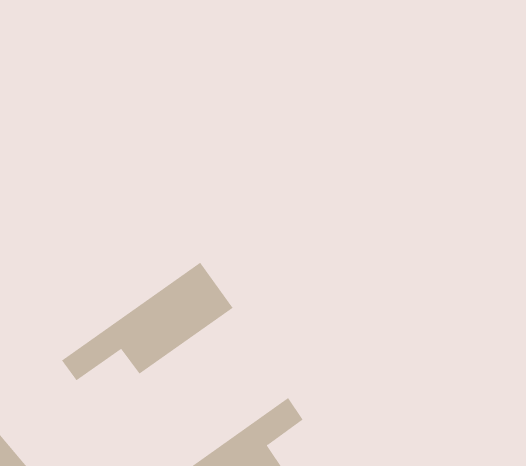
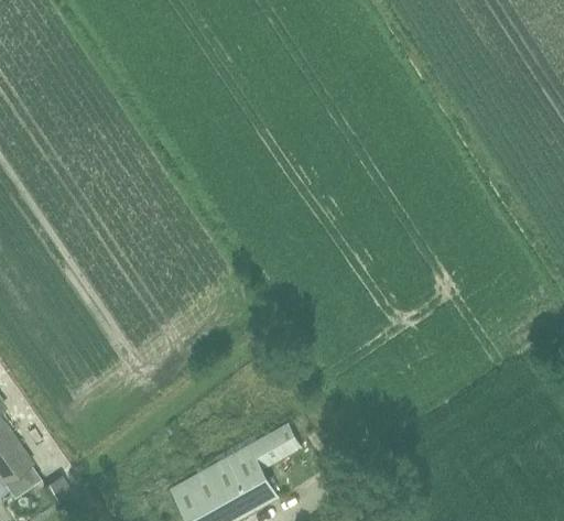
building: [61,262,233,381] -> none

